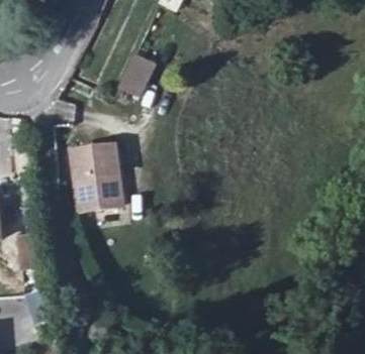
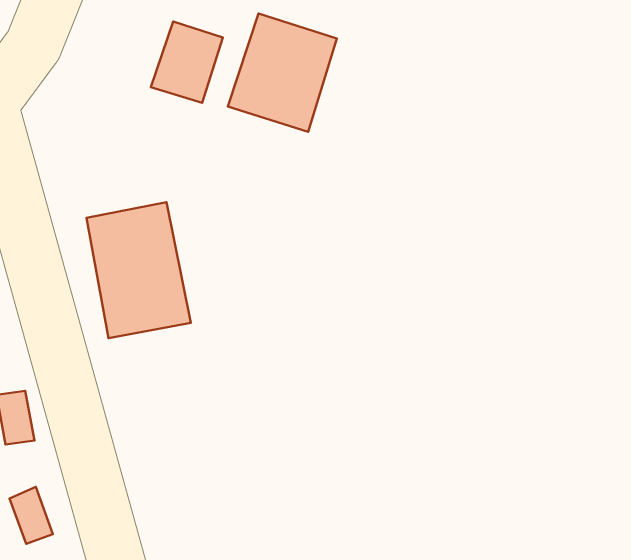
building: none -> [228,14,337,132]

